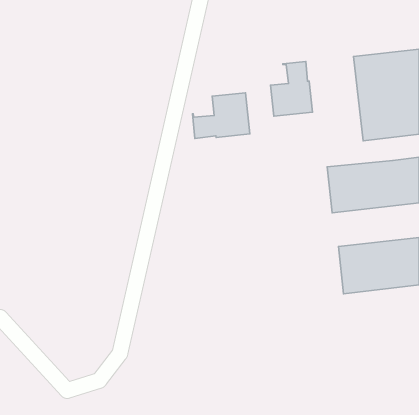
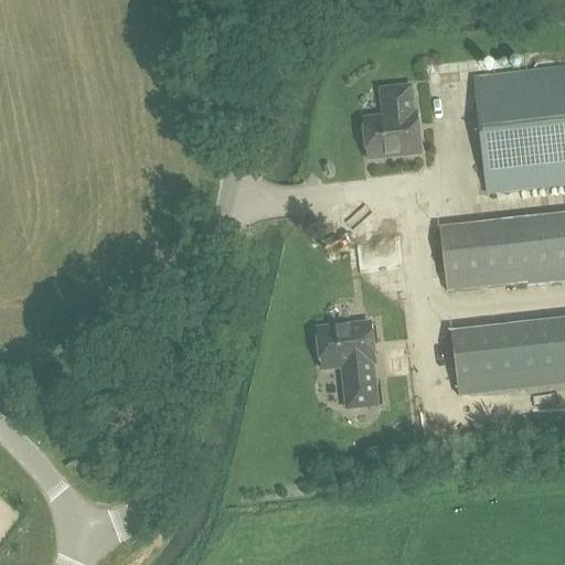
building: [192,93,250,138] -> none
building: none -> [318,320,377,406]

